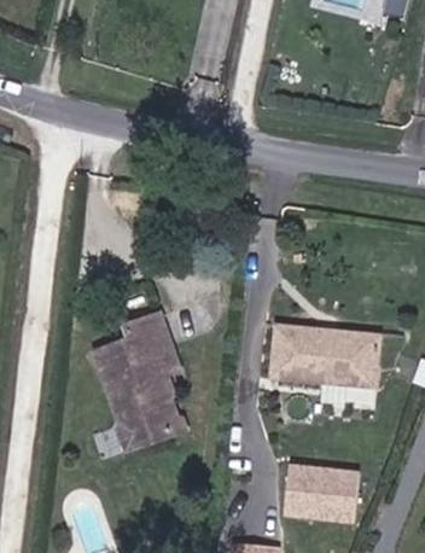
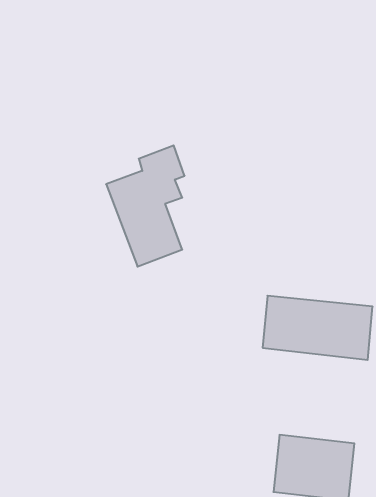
building: [95,315,174,436] -> [106,145,185,267]

